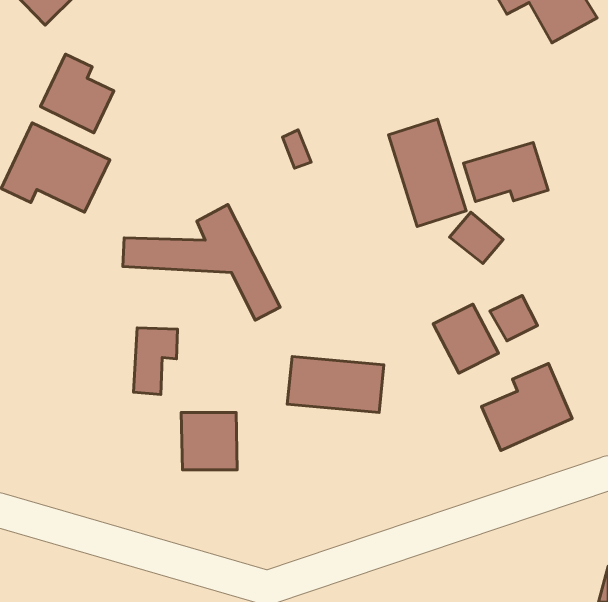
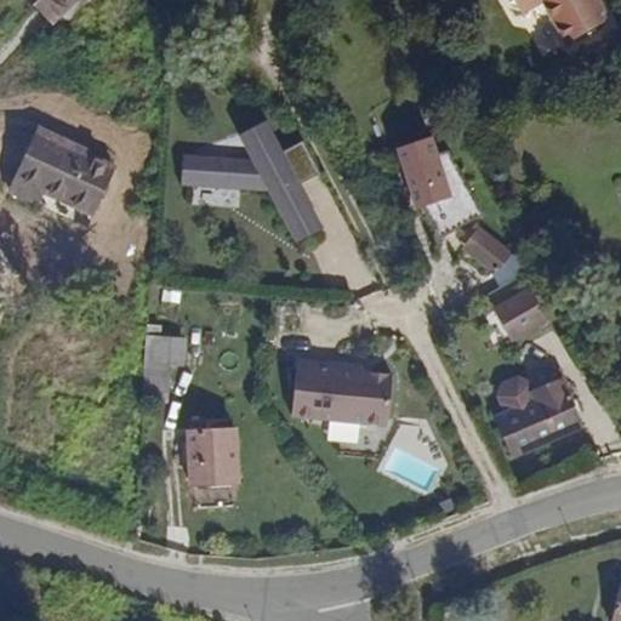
building: [41,54,114,133] -> none
building: [464,142,548,202] -> none
building: [123,205,280,320] -> [163,125,323,243]
building: [433,304,498,373] -> none

